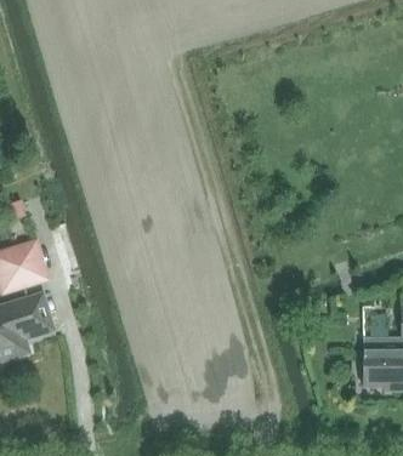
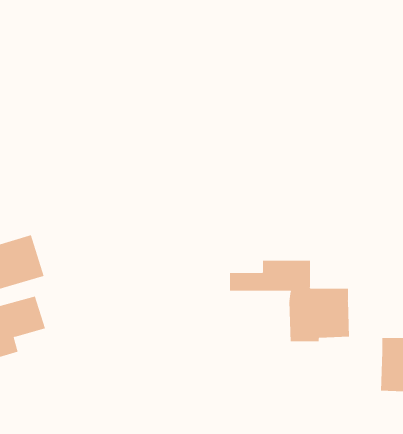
building: none -> [230,260,350,342]

